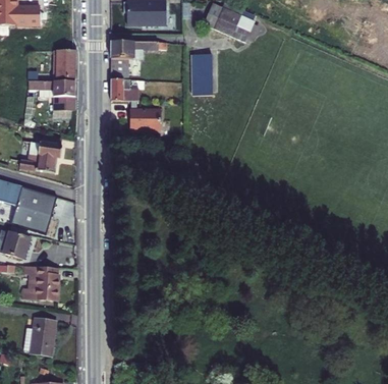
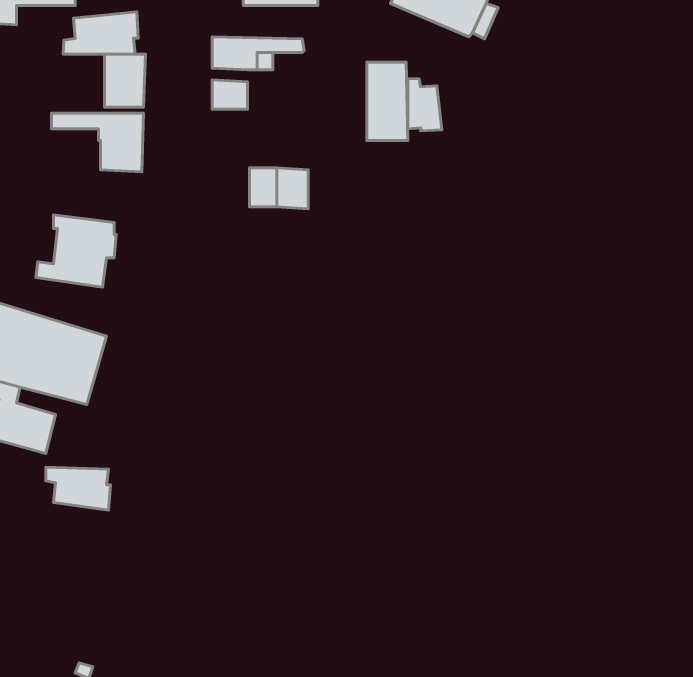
building: none -> [63,12,138,54]
building: none -> [408,79,442,131]
building: [111,78,144,100] -> none
building: [23,283,57,299] -> none
building: [23,318,54,354] -> none

